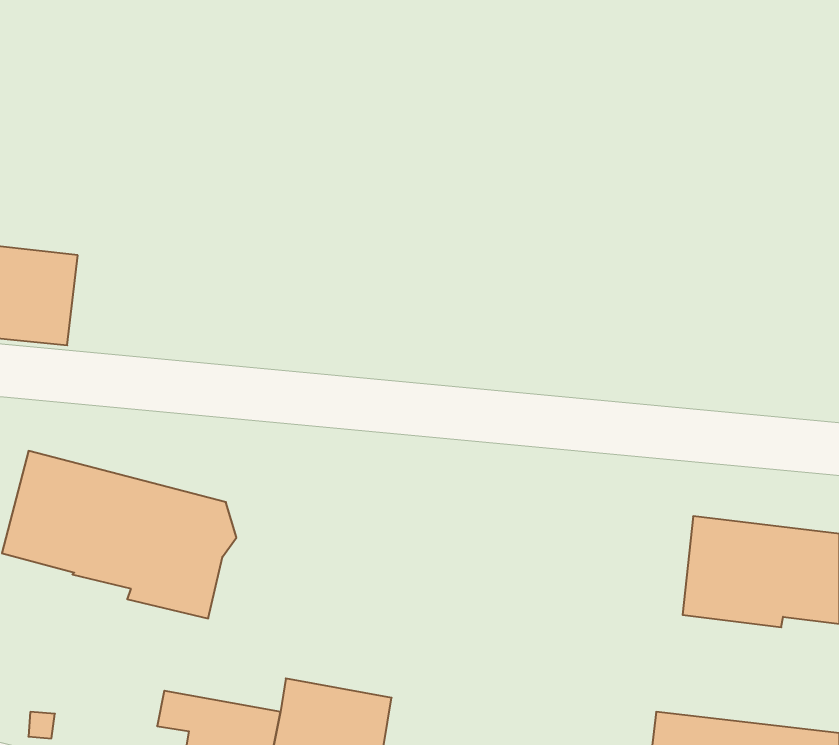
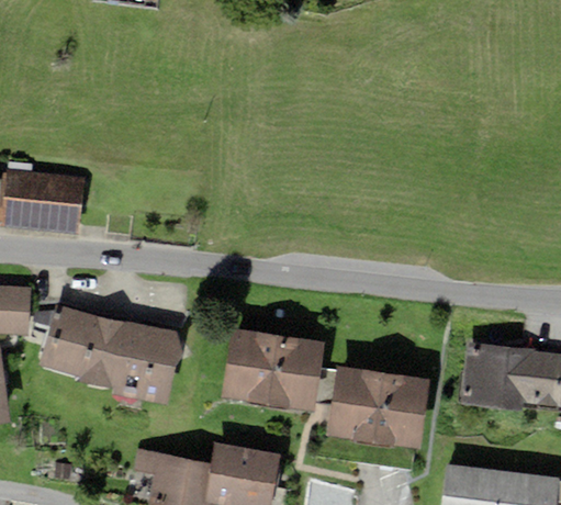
building: none -> [220,329,324,412]
building: none -> [326,366,429,448]

